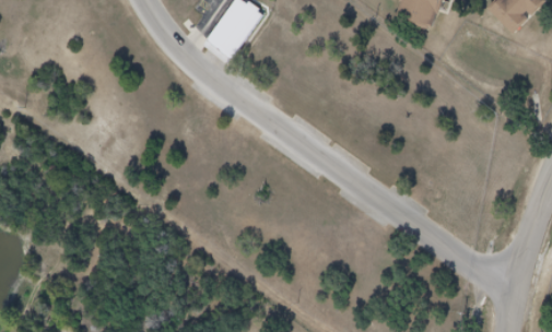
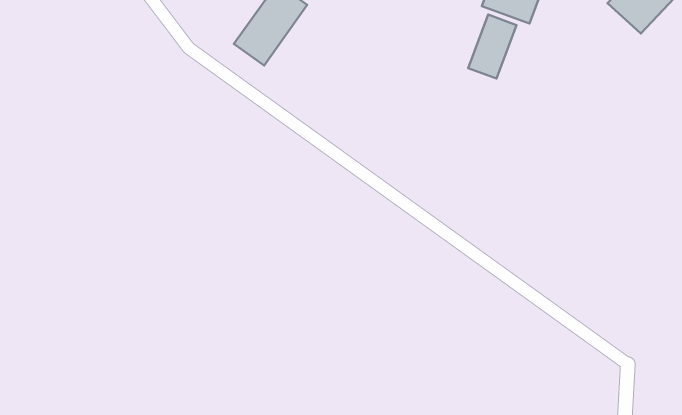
building: none -> [468,15,516,79]

